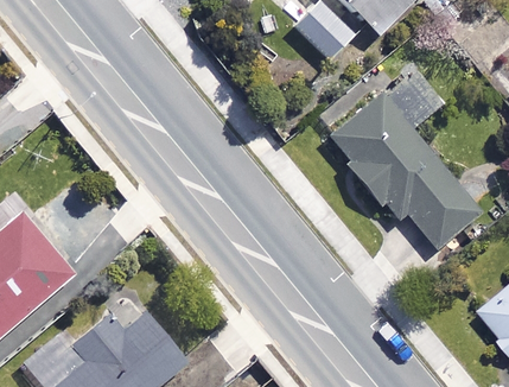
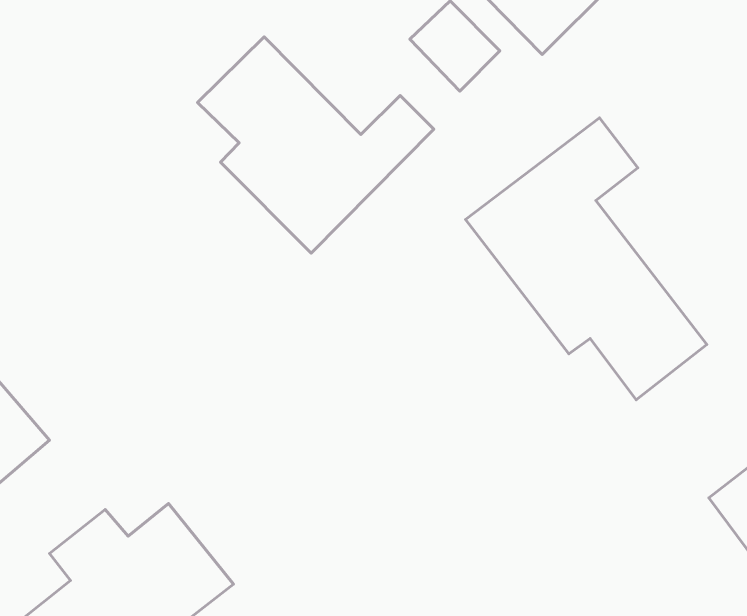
building: none -> [198,37,434,253]

